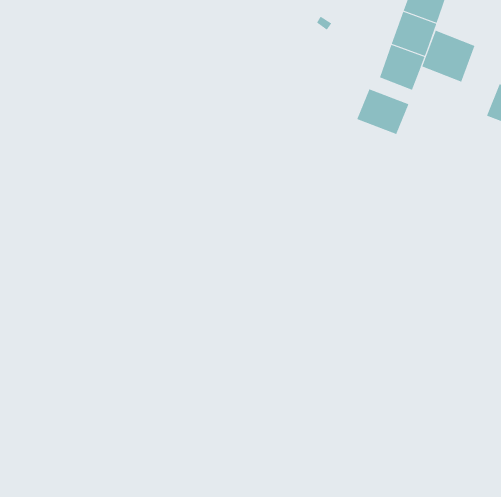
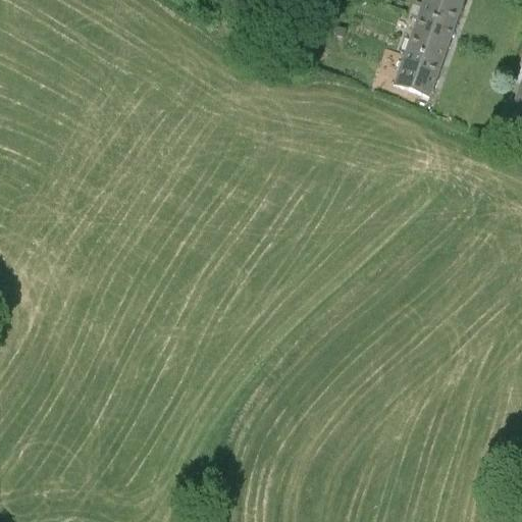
building: [422,30,475,82] -> none
building: [357,88,409,135] -> none

